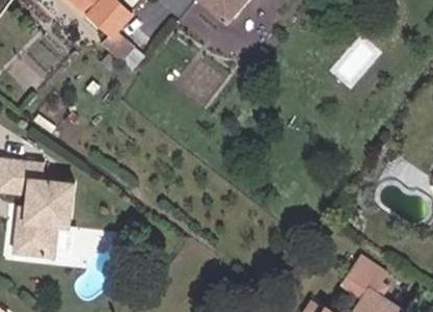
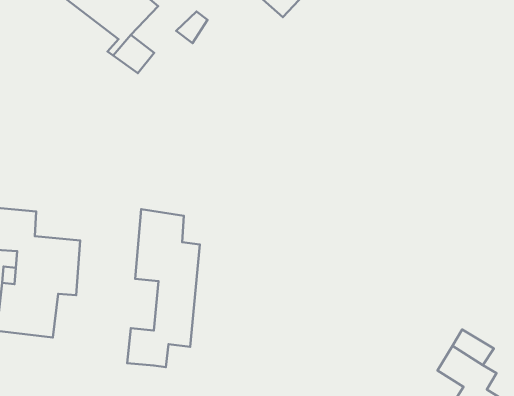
building: none -> [127,209,200,367]

